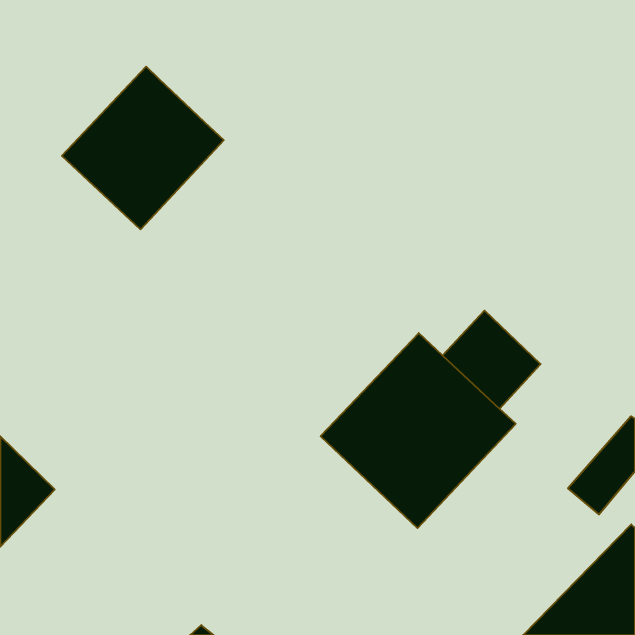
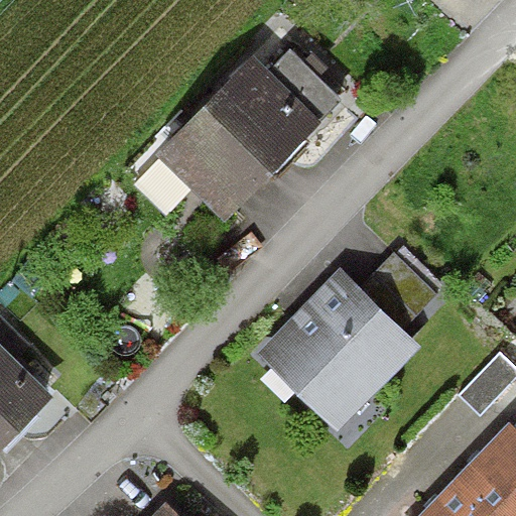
building: [62,67,224,229] -> none
building: none -> [168,63,313,210]

